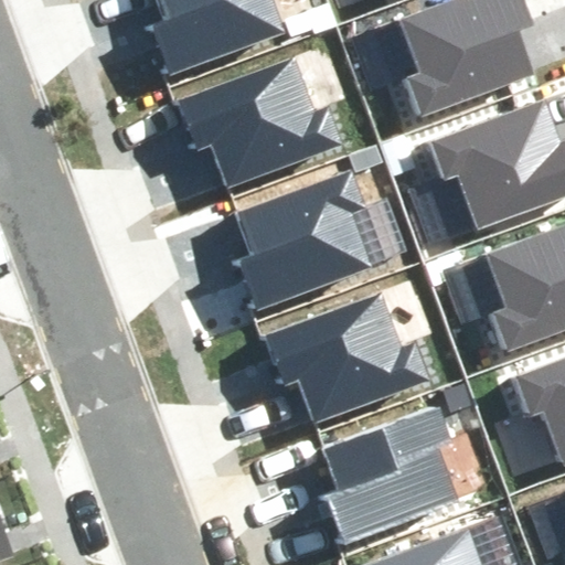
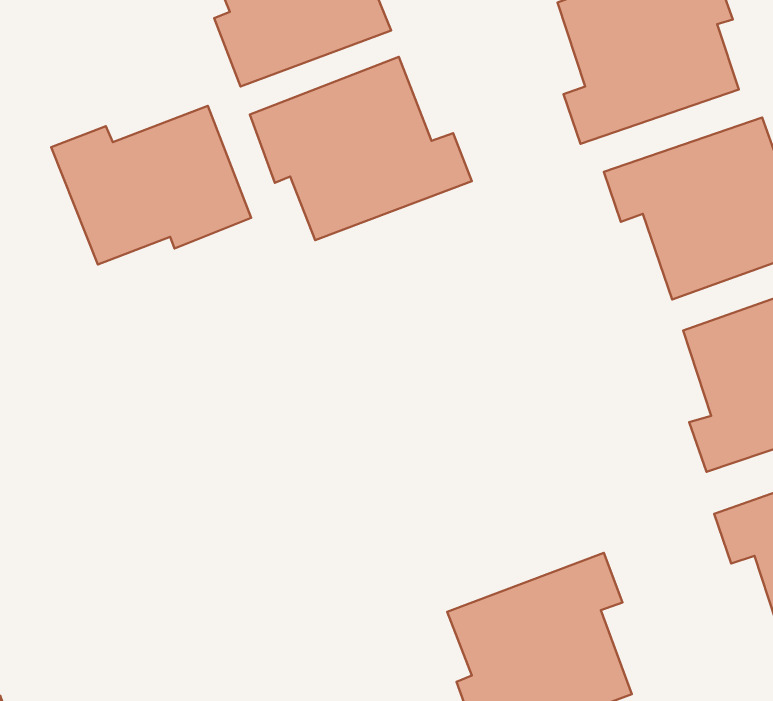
building: none -> [51,106,251,264]
building: [230,170,361,310] -> none
building: [263,292,420,423] -> none

